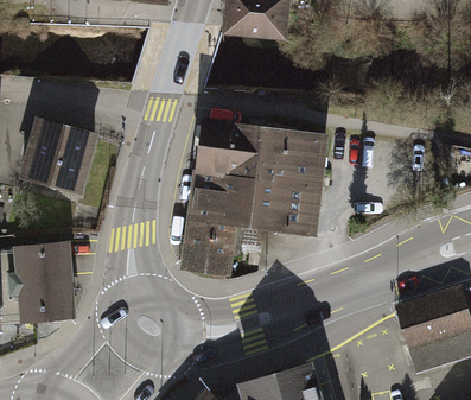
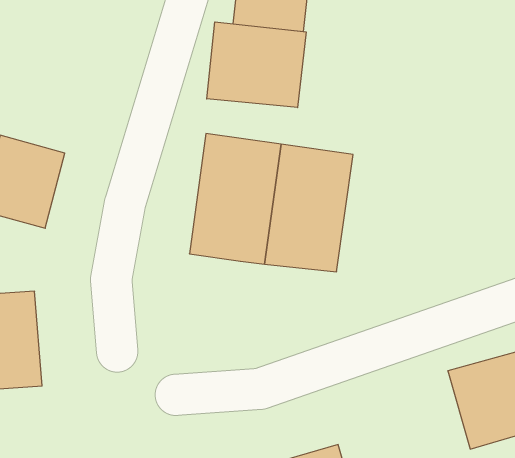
building: none -> [207,22,306,108]
building: [185,215,231,268] -> none

